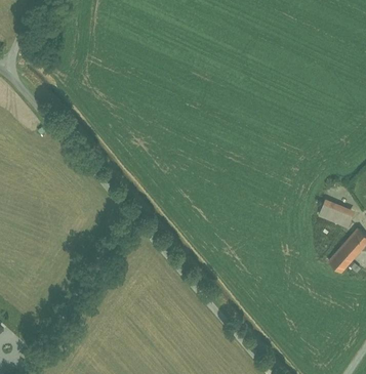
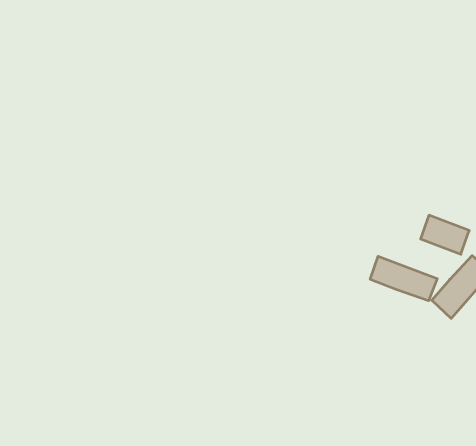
building: none -> [370,256,437,301]

